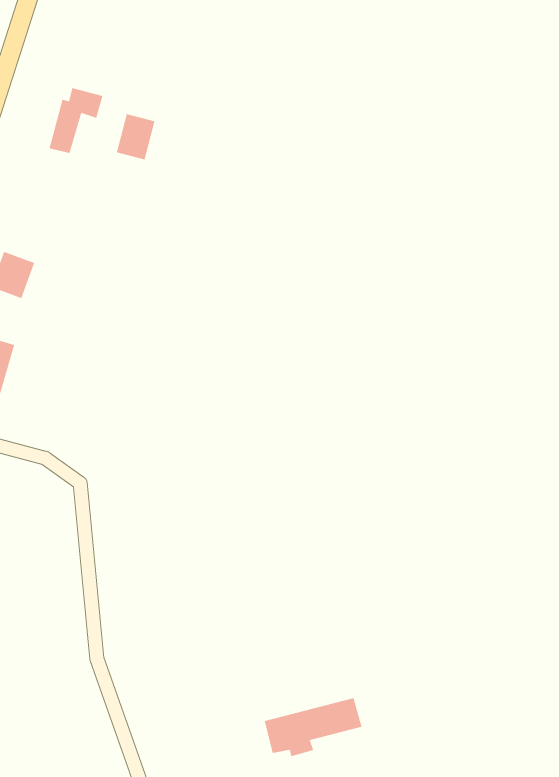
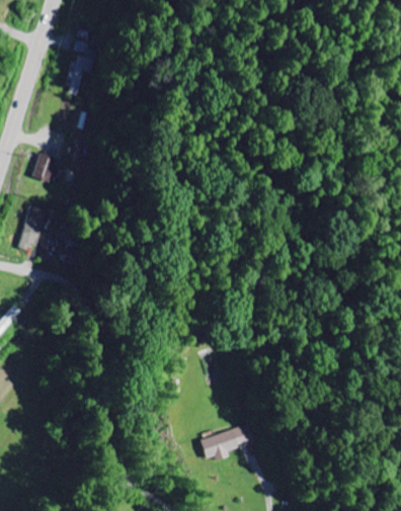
building: [116,113,156,161] -> none

